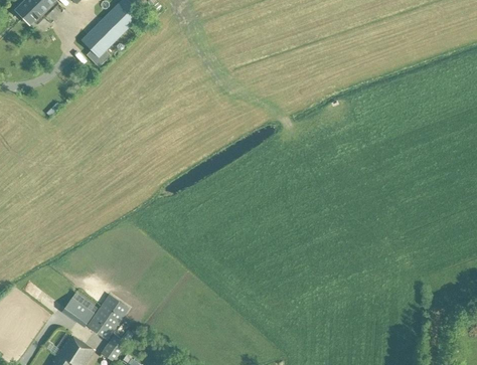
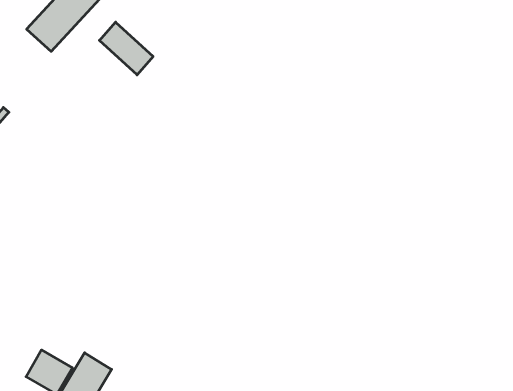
building: none -> [99,22,153,75]

